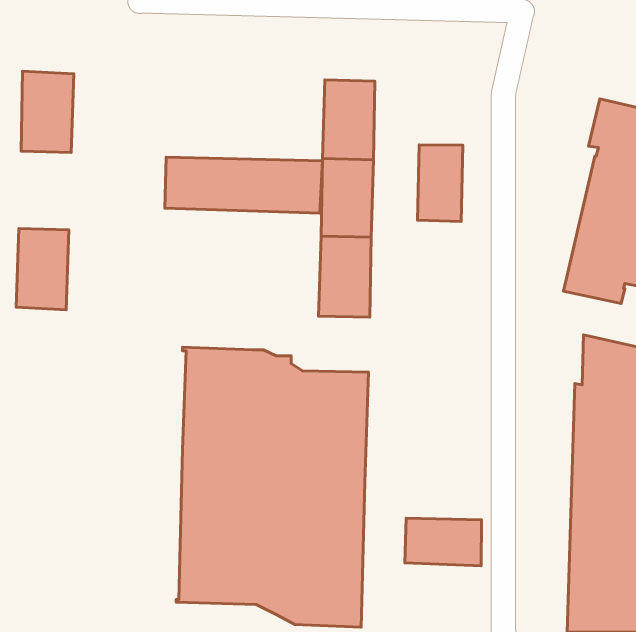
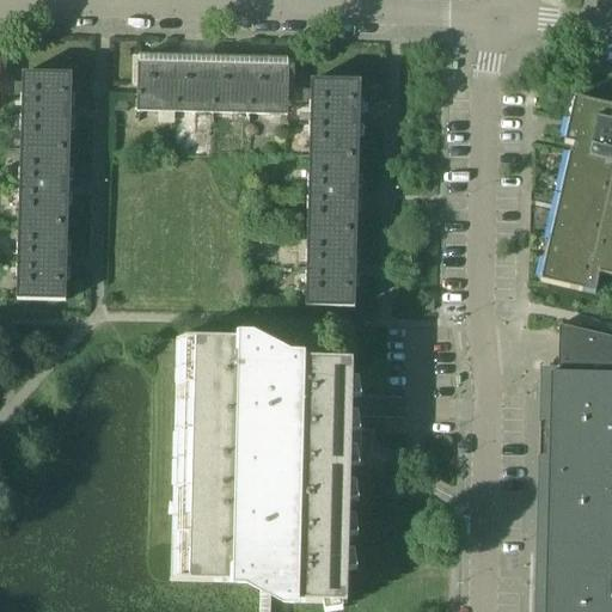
building: [417,145,463,222] -> none
building: none -> [20,145,71,220]
building: [165,157,322,213] -> [139,57,289,111]
building: [405,518,481,566] -> none

